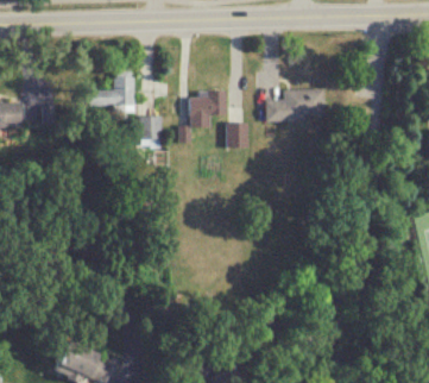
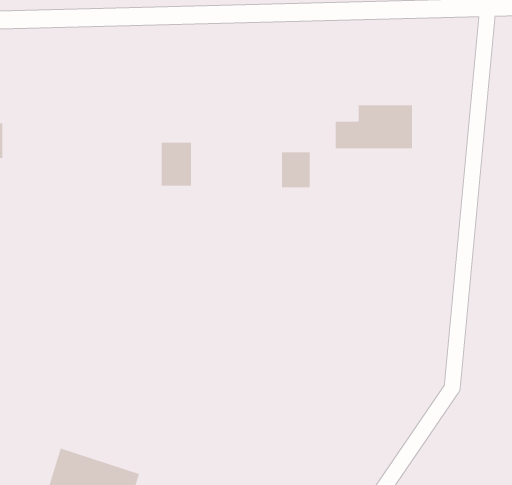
building: [89,73,134,108] -> none
building: [190,92,227,130] -> none

